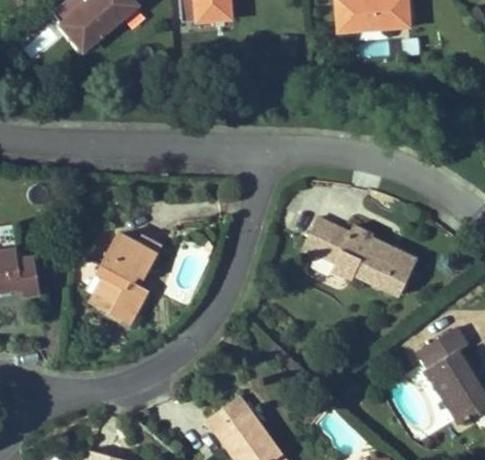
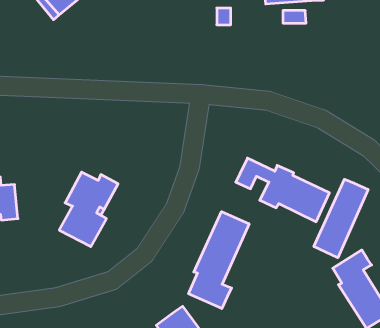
building: none -> [314,179,368,258]
building: none -> [189,212,249,309]

